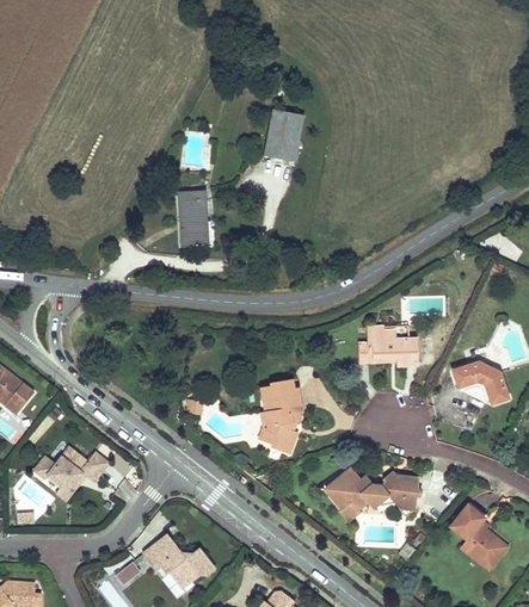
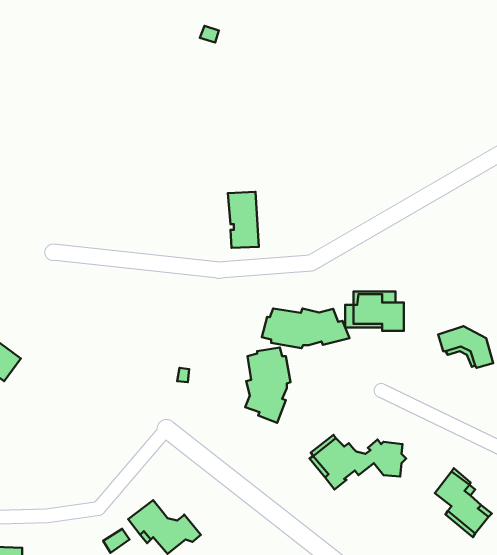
building: [265,110,303,161] -> none
building: [178,191,209,247] -> [228,192,259,248]
building: none -> [262,309,350,348]
building: [32,448,107,495] -> none

